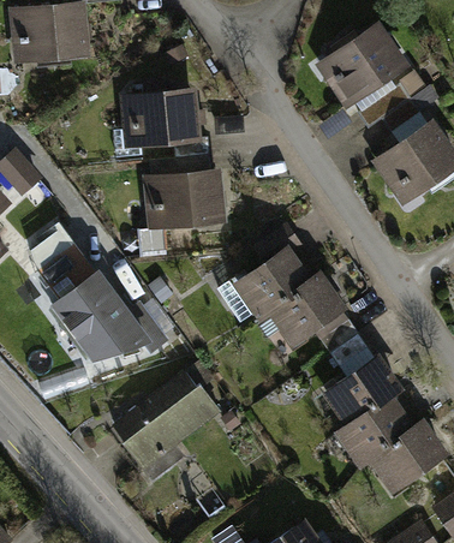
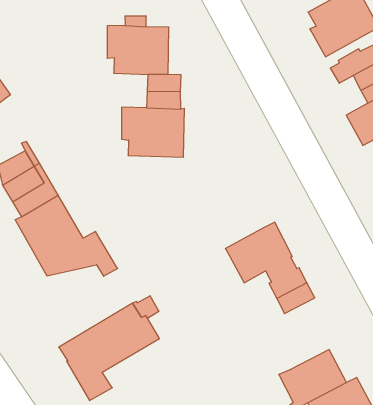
building: [219,227,307,321] -> none
building: [328,359,396,424] -> none

